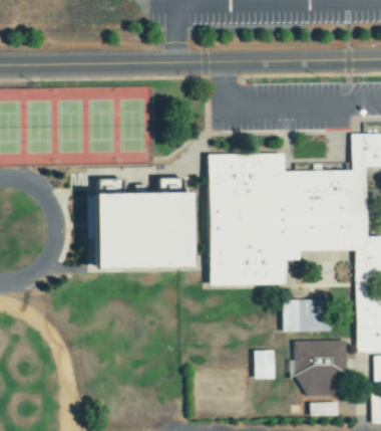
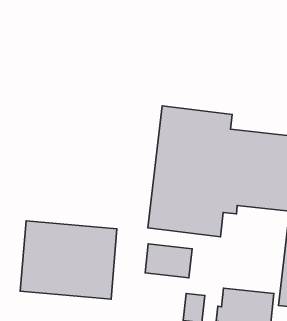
building: [98,191,198,268] -> [20,221,117,299]
building: [283,299,330,331] -> [145,244,192,278]

